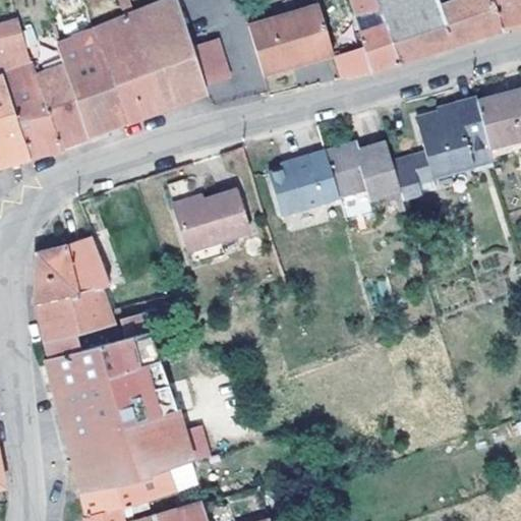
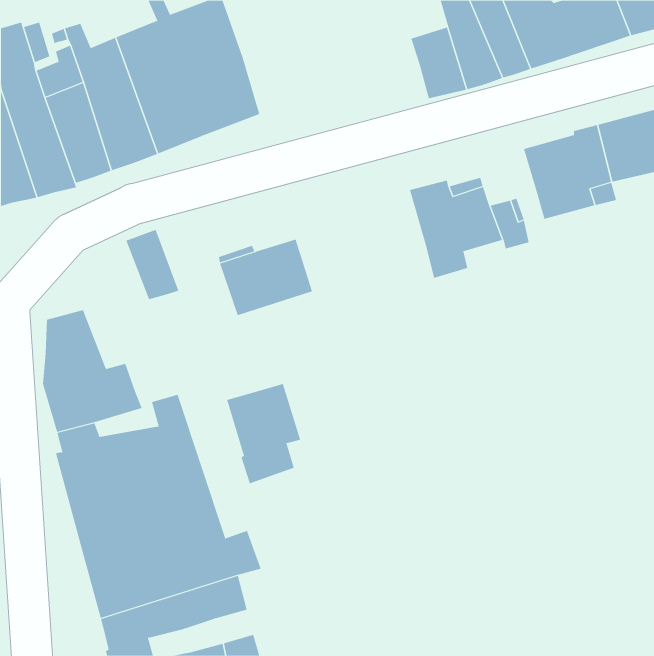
building: [248,4,334,73] -> none
building: [194,37,229,84] -> none
building: [269,150,339,213] -> none
building: [67,236,110,292] -> [125,229,179,300]
building: none -> [226,383,301,484]

